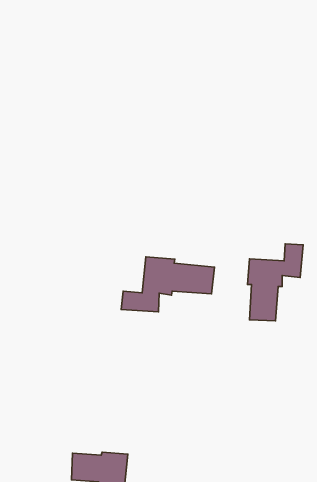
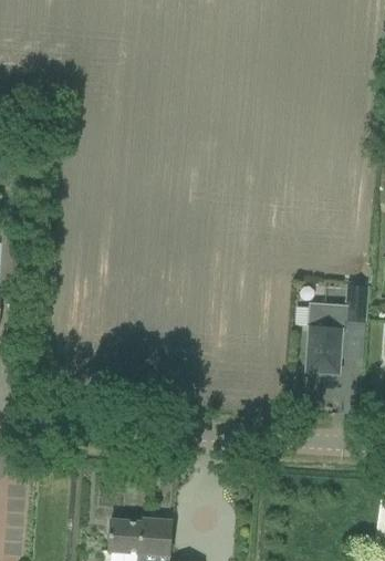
building: [121,257,215,312] -> none

